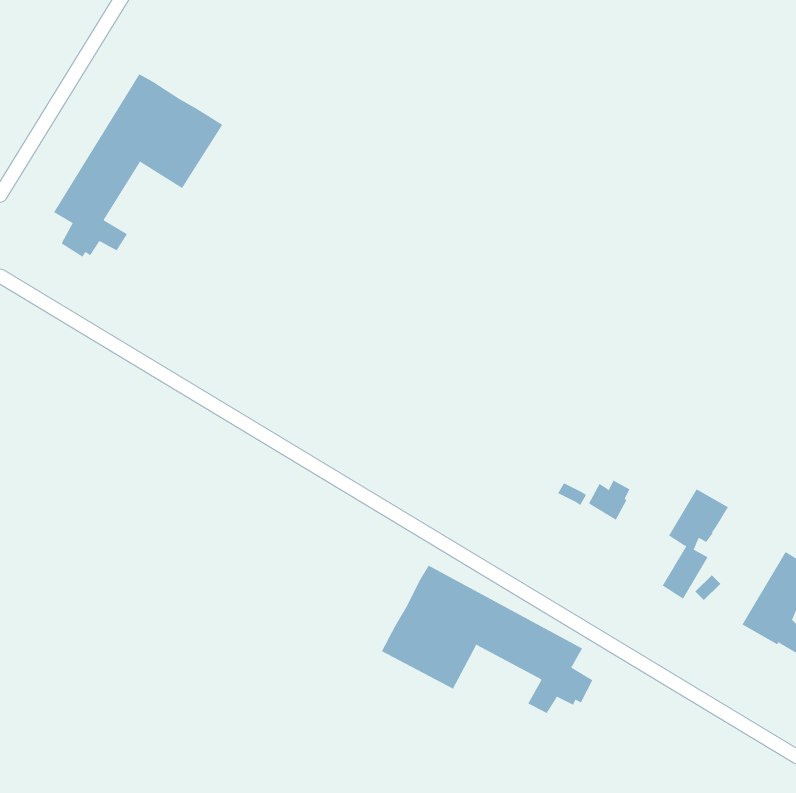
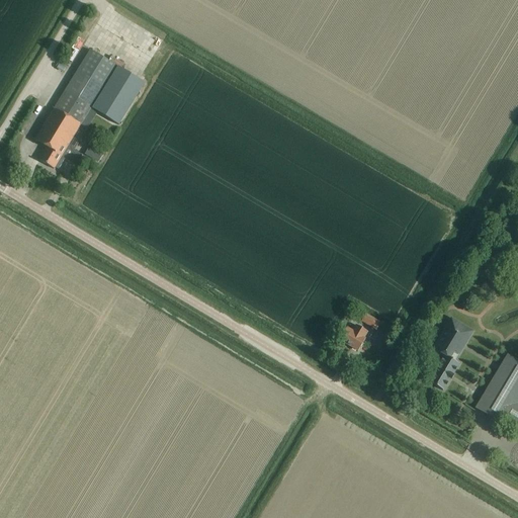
building: [588,480,630,521] -> [341,323,368,349]
building: [381,565,593,714] -> none

